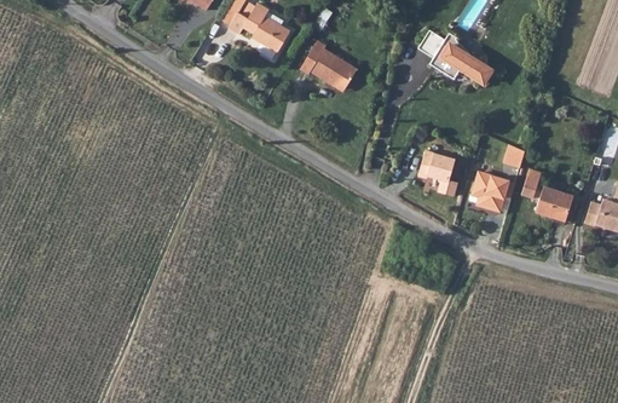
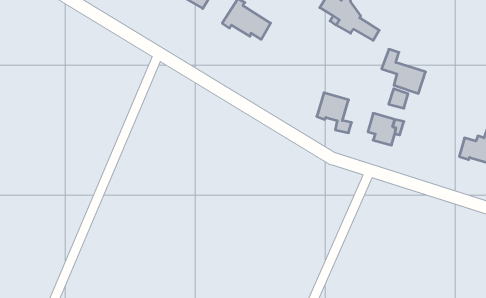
building: [519,169,571,221] -> [382,49,426,93]

